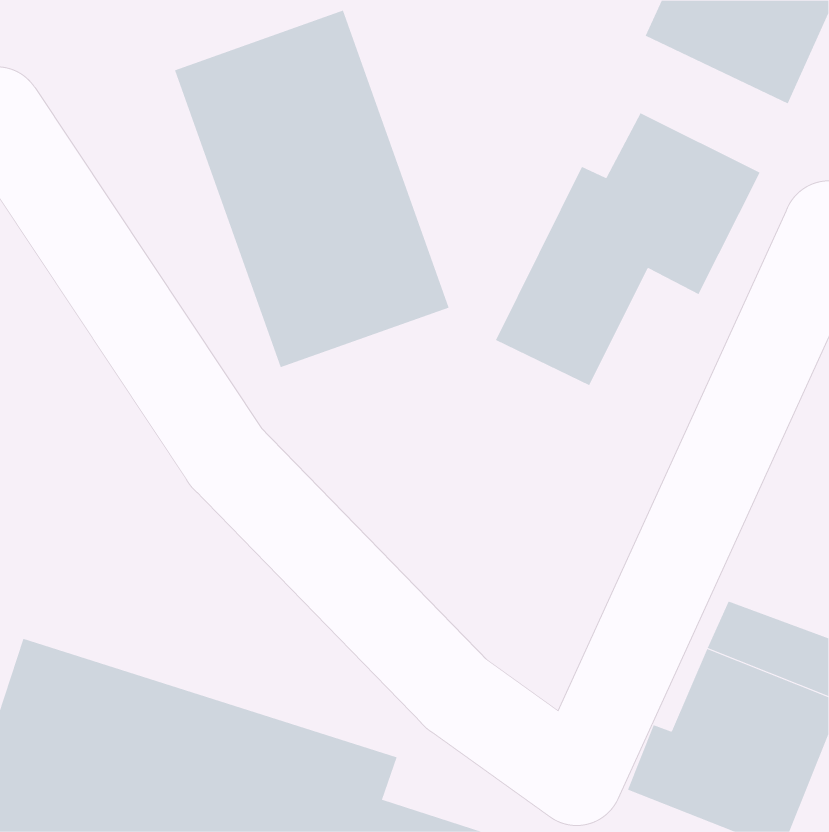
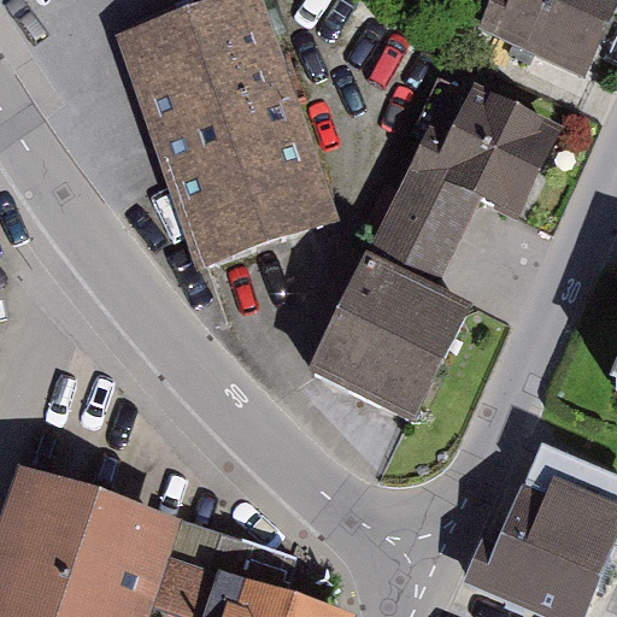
building: none -> [310,252,471,421]

